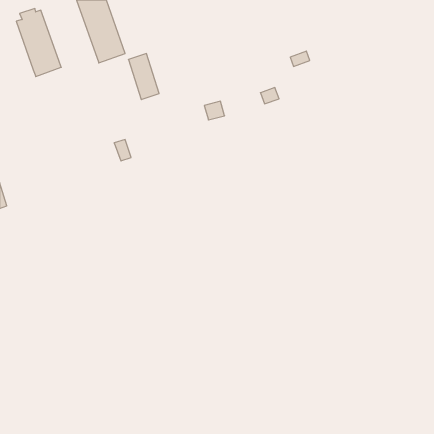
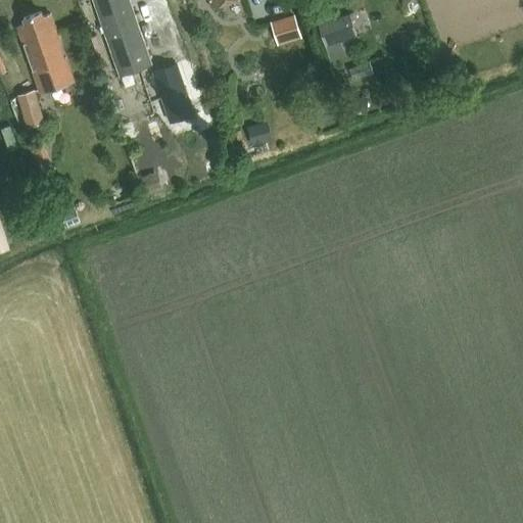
building: none -> [269,14,299,44]
building: none -> [317,14,356,47]
building: none -> [16,91,44,128]

